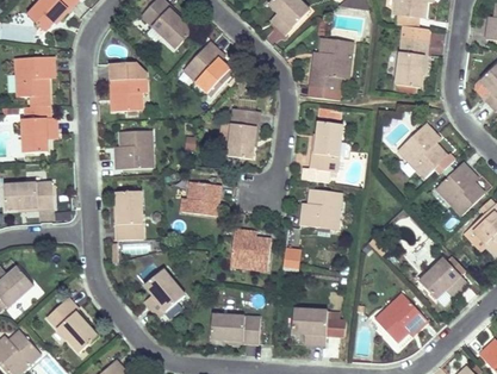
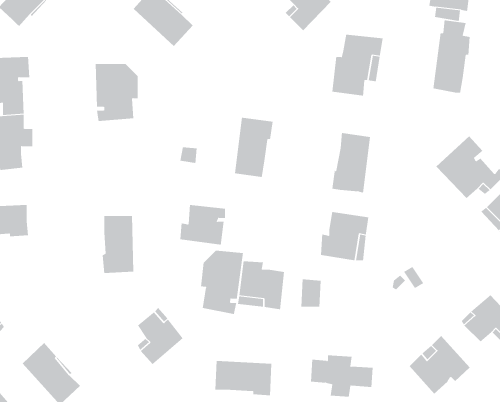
building: [182,42,232,96] -> none
building: [114,130,151,169] -> none
building: none -> [201,250,244,315]

